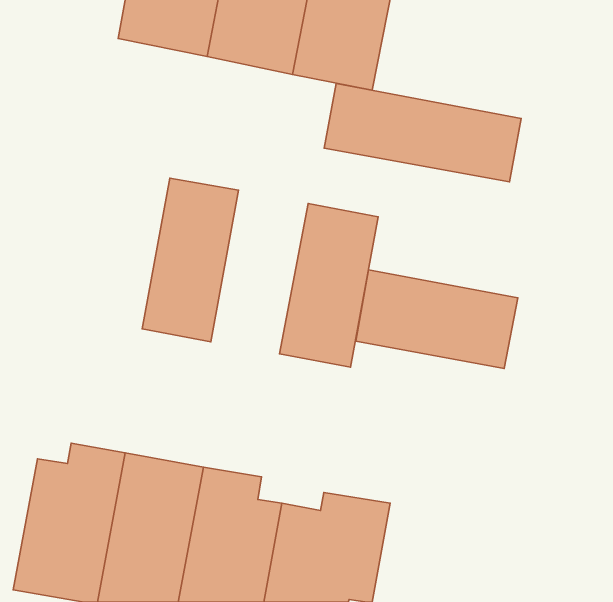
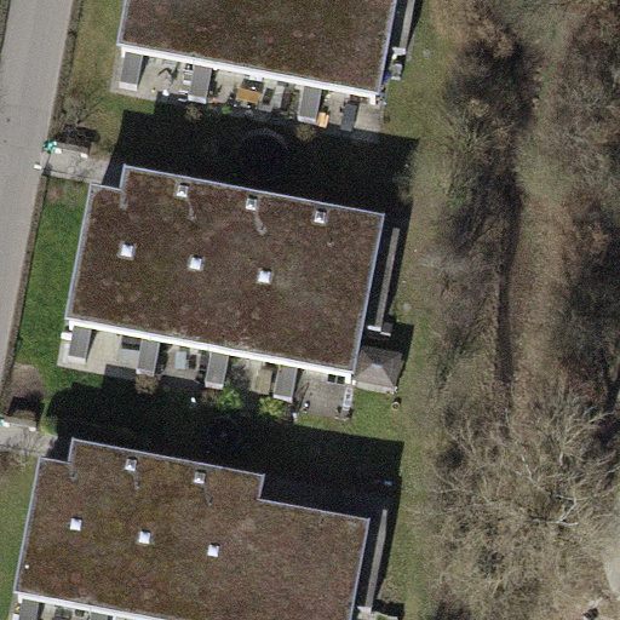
building: [324,84,521,182] -> none
building: none -> [71,171,171,331]
building: none -> [212,191,310,356]
building: [356,270,518,369] -> none

